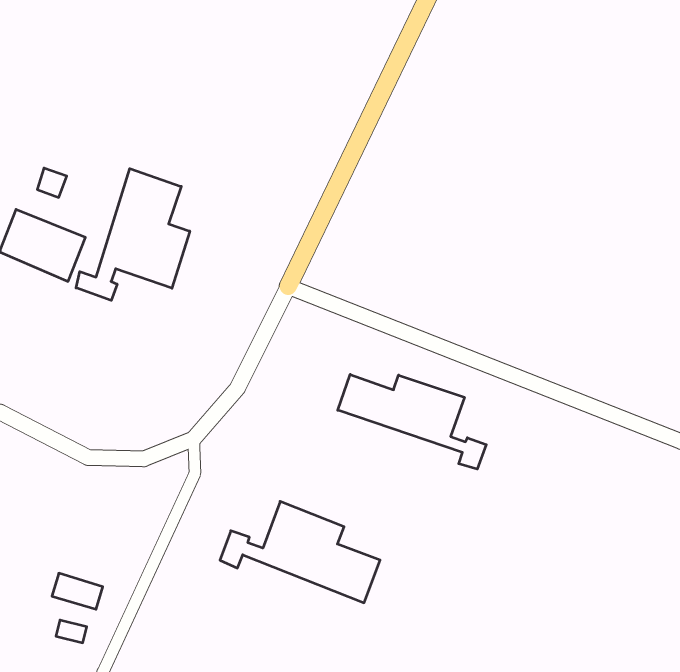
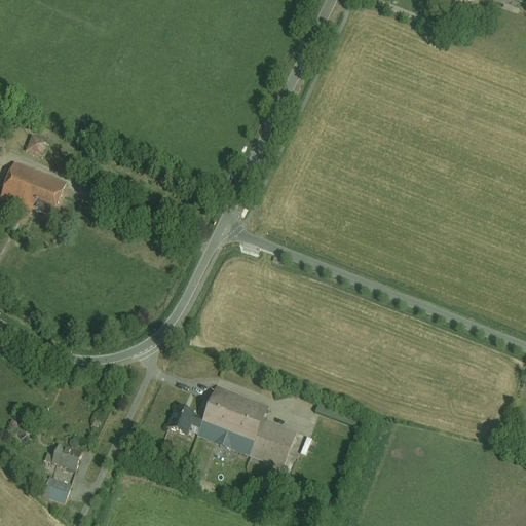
building: [76,169,190,300] -> none
building: [338,374,486,469] -> none

